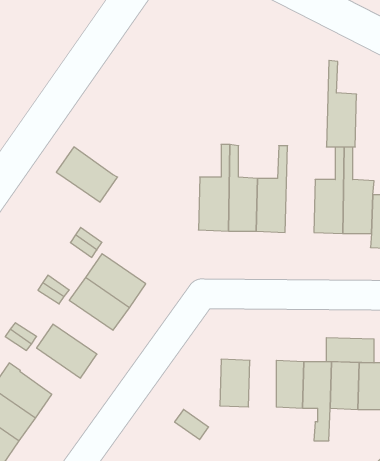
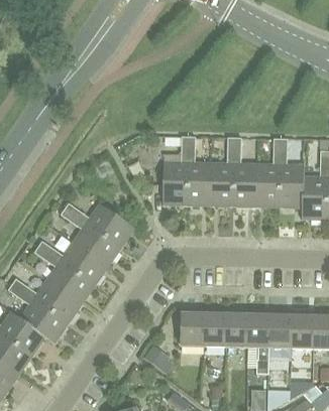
building: [326,60,357,147] -> [232,137,256,207]
building: [56,147,118,202] -> [85,203,134,248]
building: none -> [45,261,94,304]
building: [327,338,374,363] -> none
building: none -> [19,299,68,344]
building: none -> [203,309,225,347]

